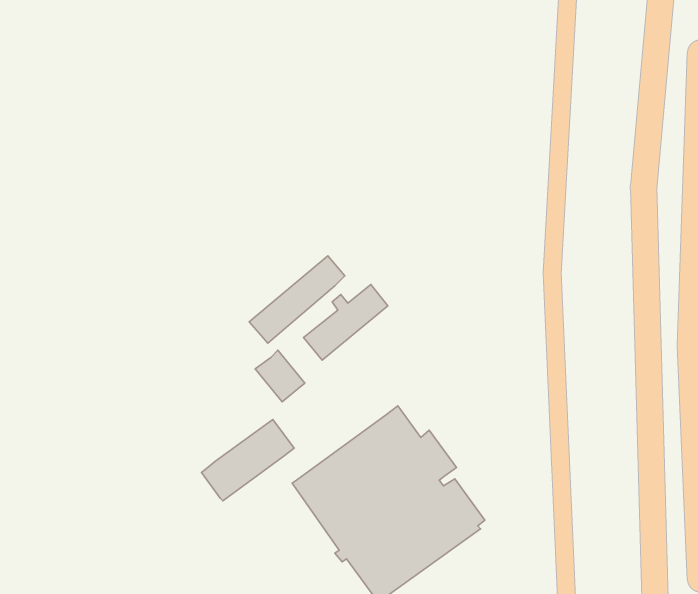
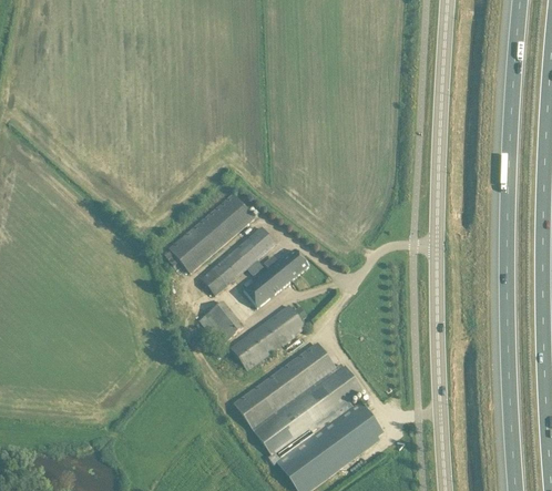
building: none -> [170,194,254,273]
building: [201,420,294,501] -> [233,305,305,368]

